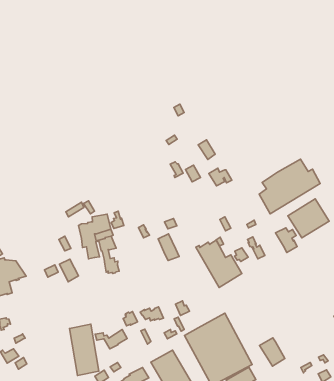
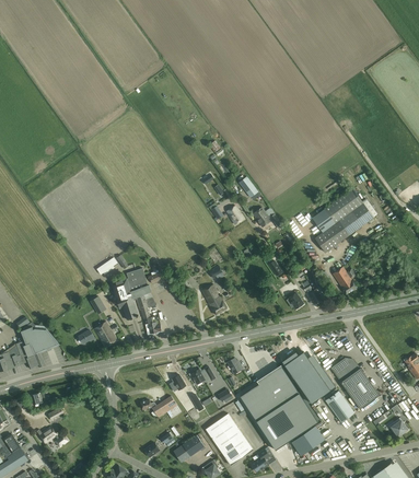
building: [288,199,329,238] -> none
building: [196,240,242,287] -> [282,351,336,404]
building: none -> [331,358,381,409]
building: [69,324,99,376] -> none

